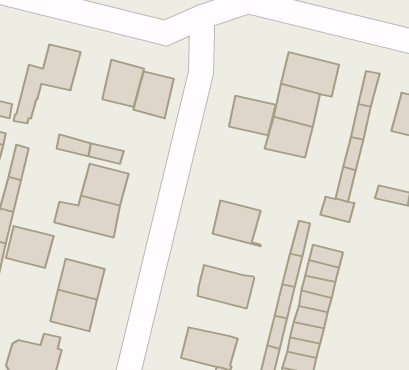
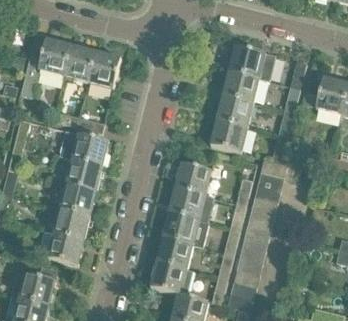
building: [133,71,174,118] -> [63,44,95,81]
building: [229,96,276,135] -> [211,120,248,151]
building: none -> [254,172,283,202]
building: [6,226,54,268] -> [59,182,97,215]
building: none -> [168,187,213,221]
building: none -> [156,236,194,268]

